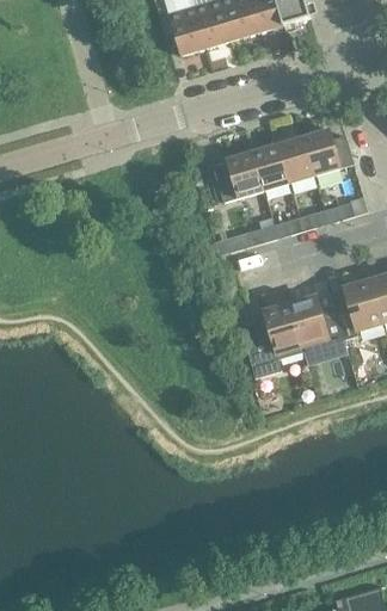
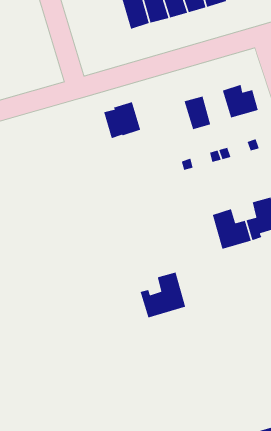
building: [278,136,315,183] -> none
building: [213,150,264,202] -> [103,101,141,139]
building: [240,303,303,366] -> [139,272,186,319]

